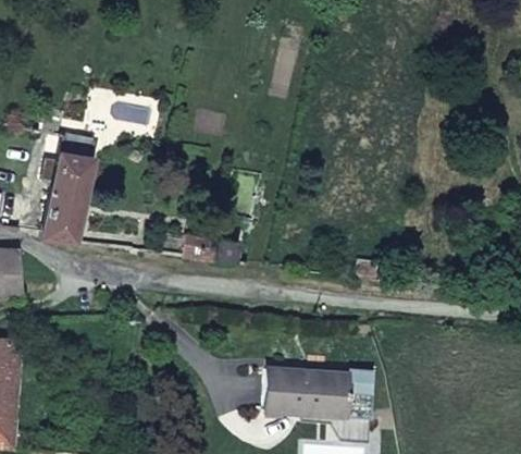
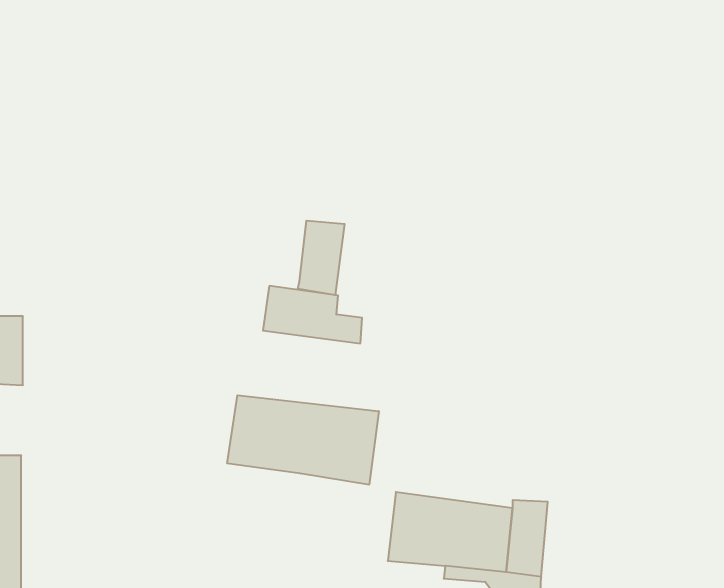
building: [41,136,96,244] -> none
building: none -> [298,221,345,295]
building: none -> [227,395,379,485]

